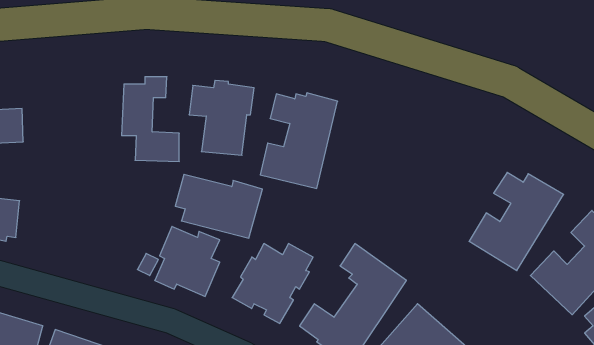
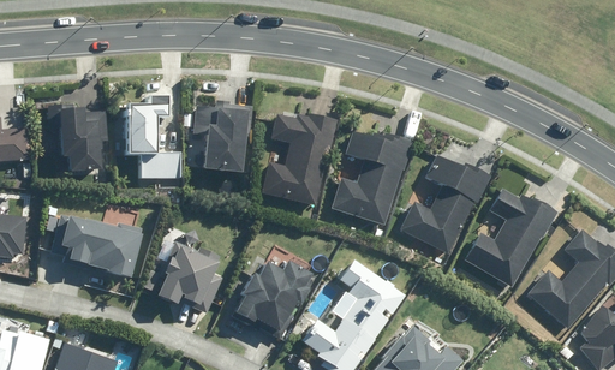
building: none -> [47,101,108,171]
building: none -> [328,129,413,226]
building: none -> [398,154,492,256]
building: [175,174,262,238] -> [60,214,145,276]

